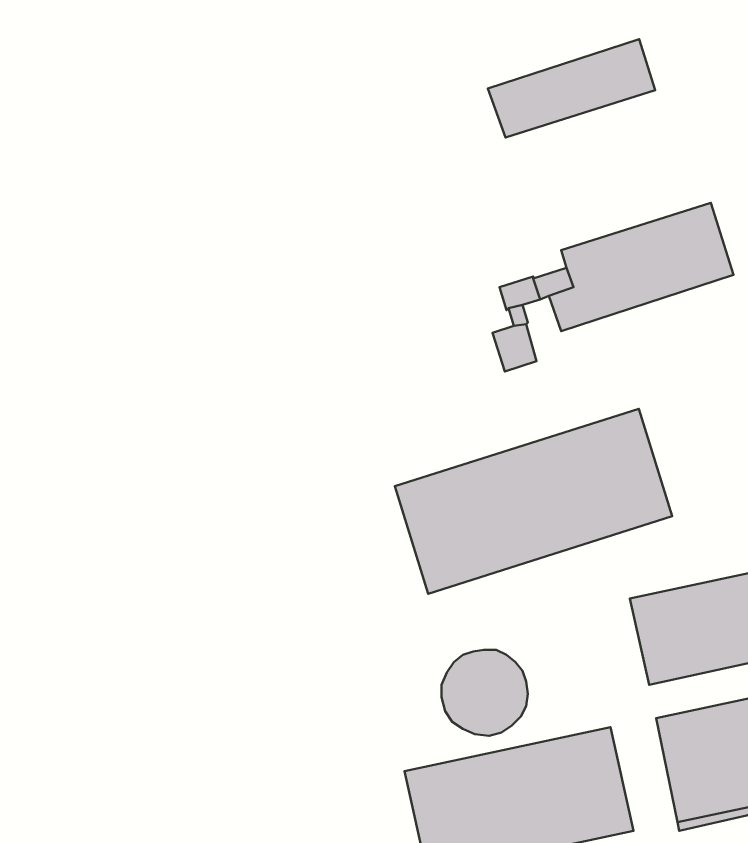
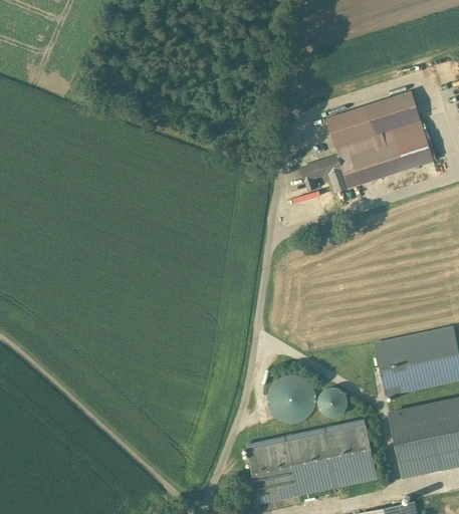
building: [488,39,655,138] -> [325,90,421,147]
building: [395,409,672,594] -> none
building: none -> [317,388,348,417]

